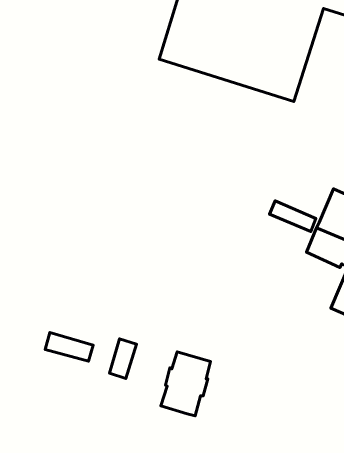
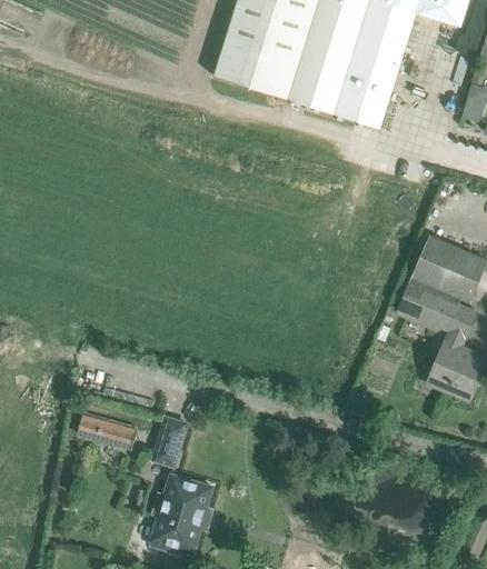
building: [270,201,316,231] -> none
building: [161,352,211,416] -> [151,476,212,555]

